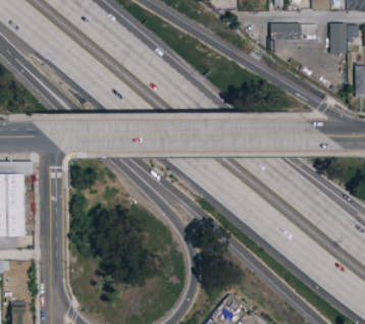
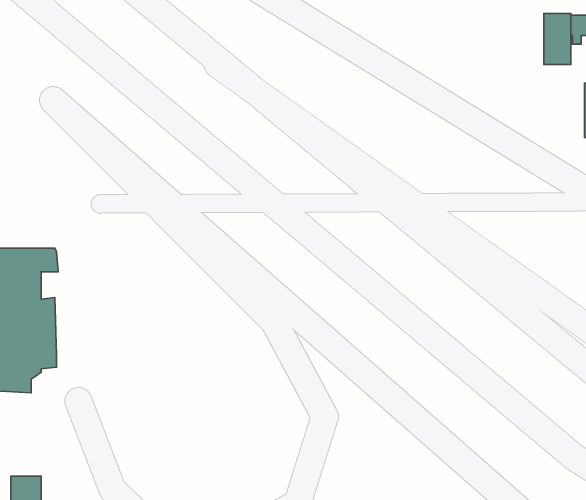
building: [270,23,300,40] -> none

